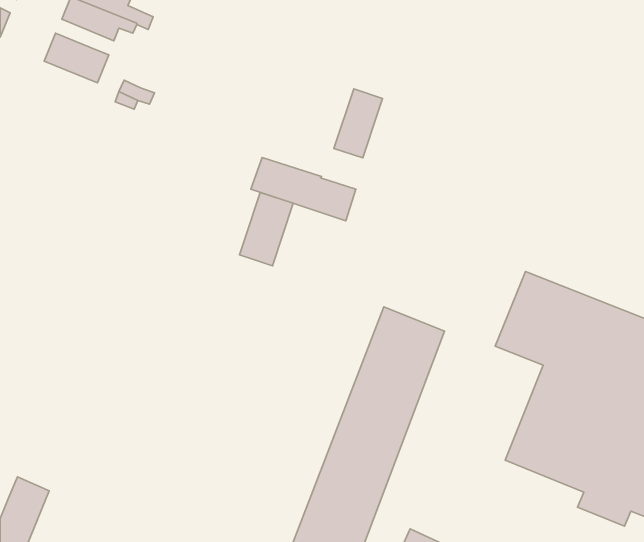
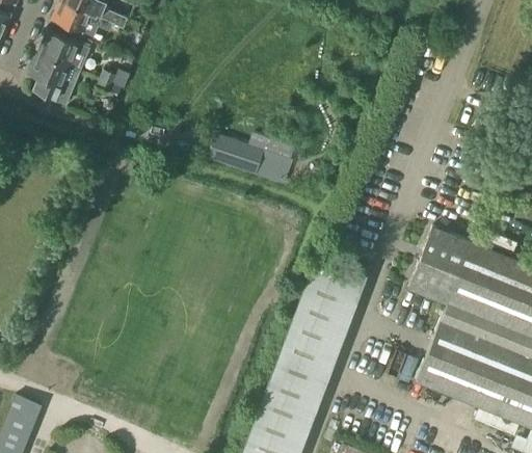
building: none -> [29,54,82,106]
building: [334,89,382,158] -> none
building: [239,192,293,266] -> none

